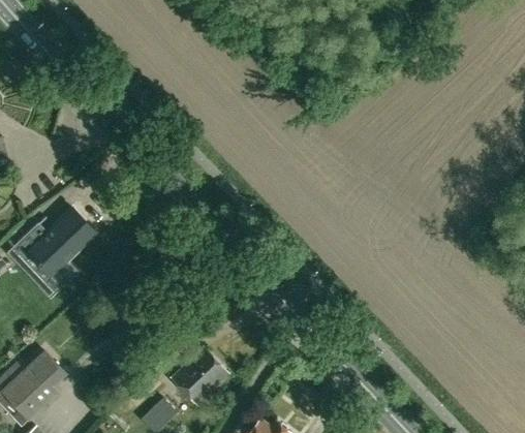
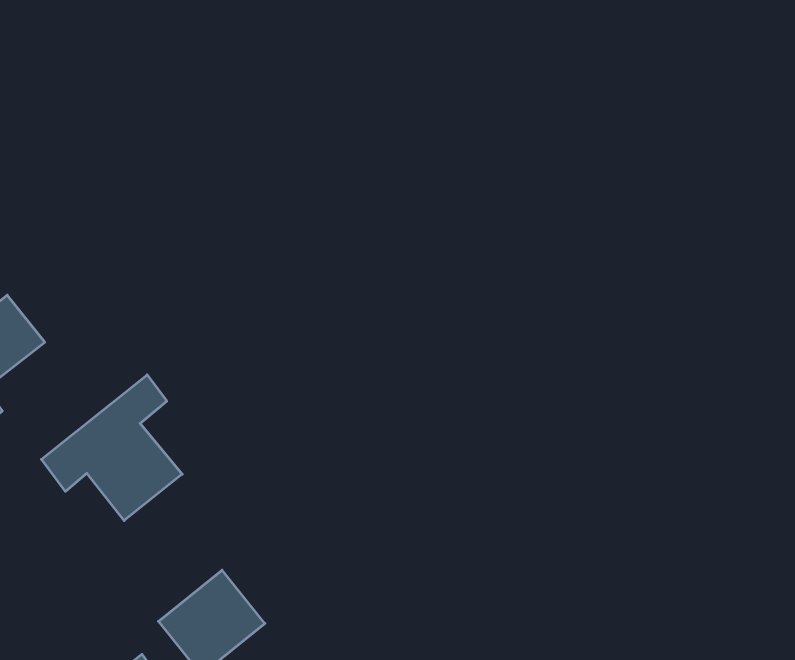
building: none -> [41,375,182,521]

